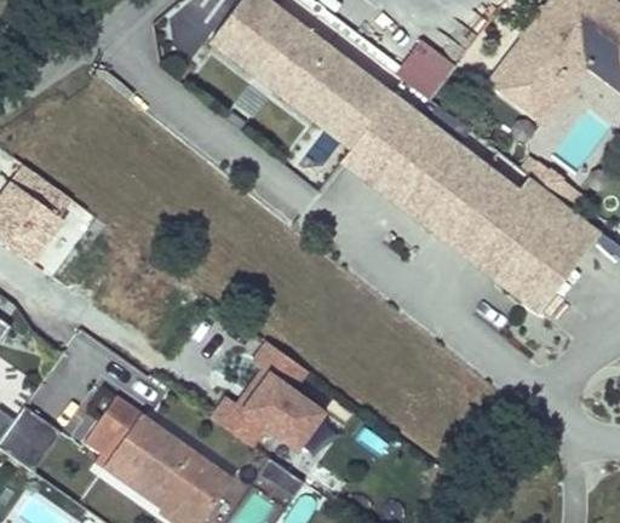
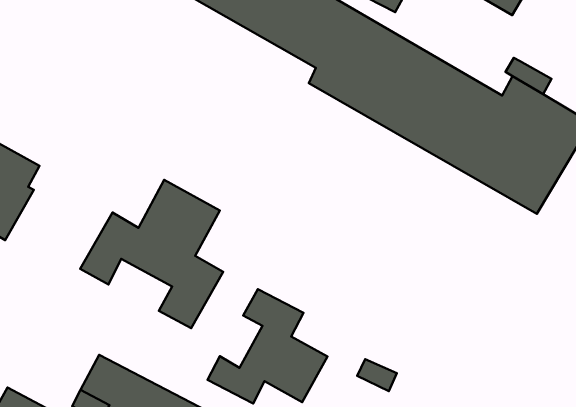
building: none -> [80,180,223,328]

